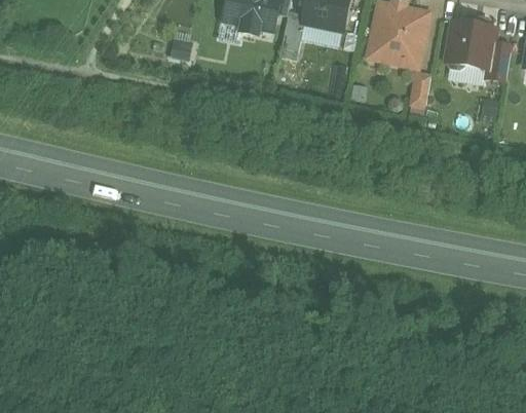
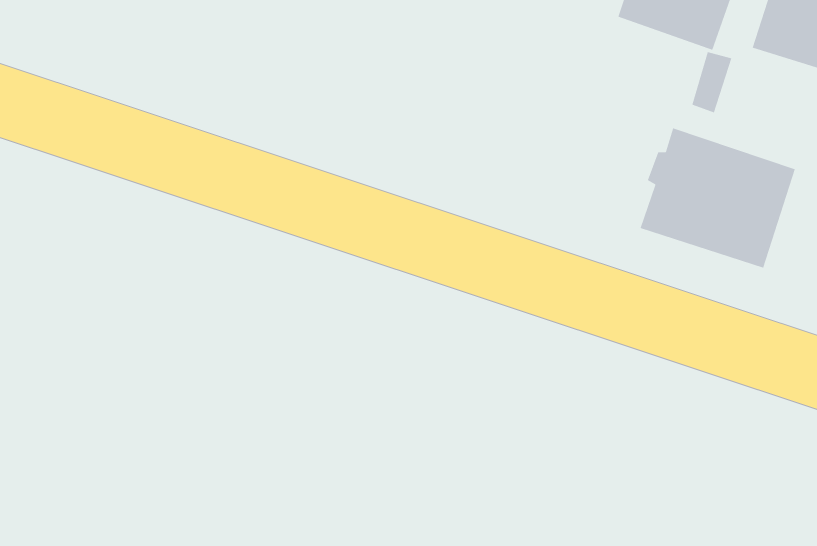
building: none -> [640,128,795,268]

